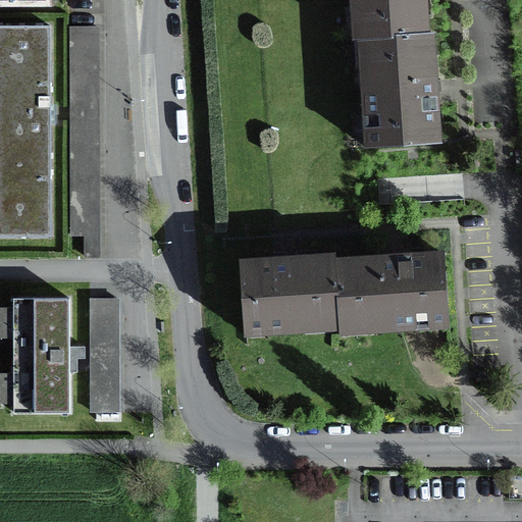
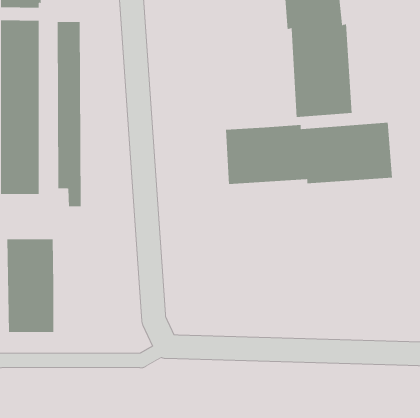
building: [240,253,448,330] -> [225,122,393,185]
building: [90,298,120,411] -> none

